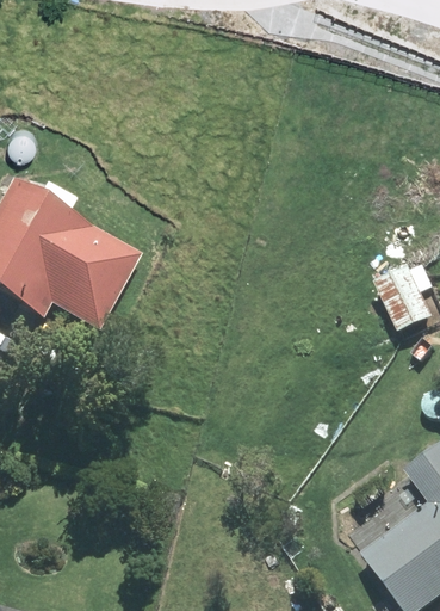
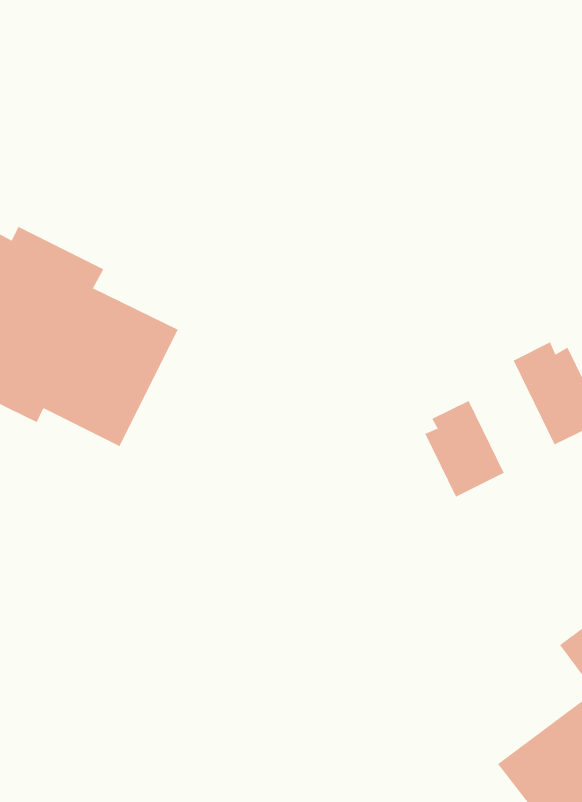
building: none -> [424,400,505,497]

